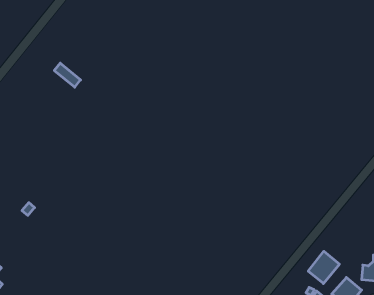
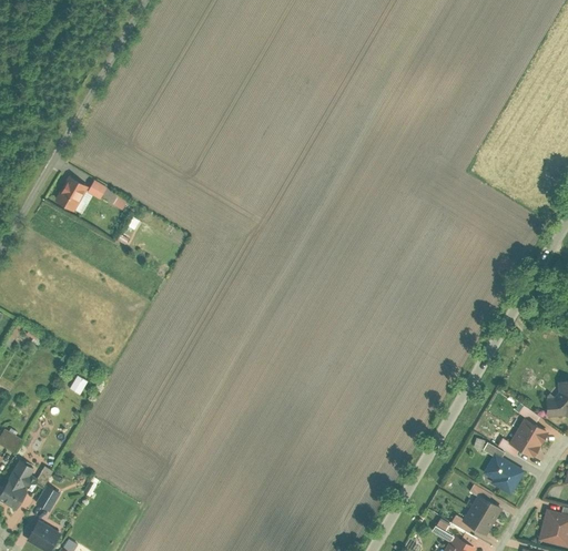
building: none -> [55,176,88,212]
building: [308,251,339,284] -> none

